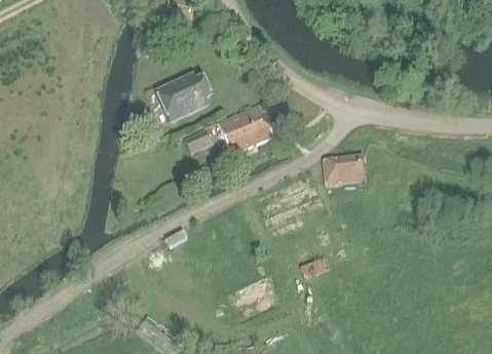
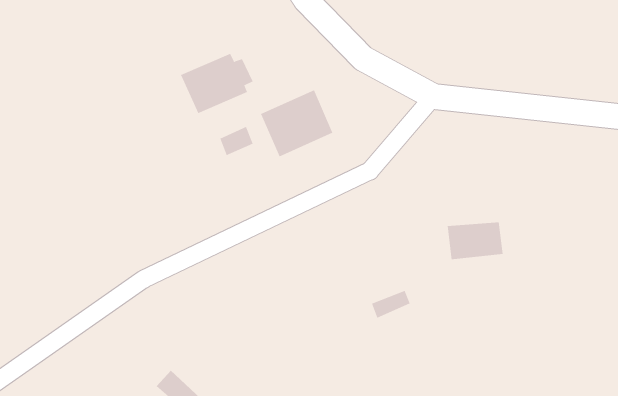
building: [321,155,365,184] -> [447,222,504,260]

